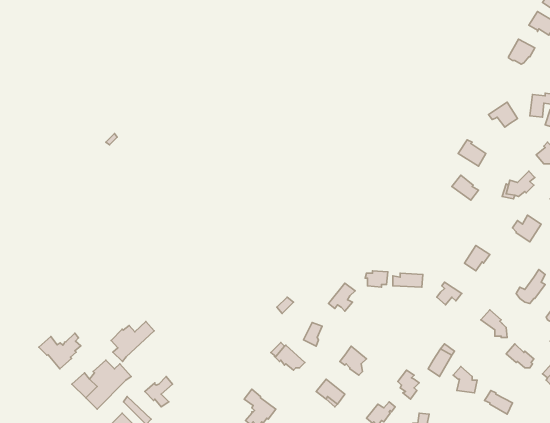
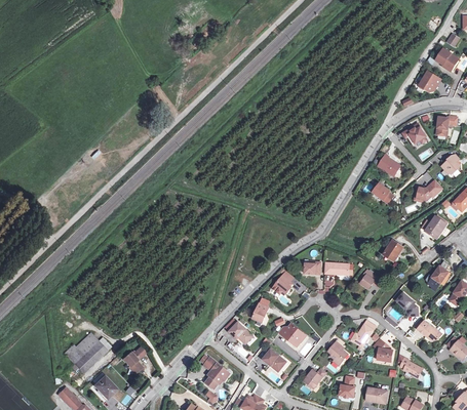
building: [111,322,154,361] -> none
building: [39,333,81,369] -> none

